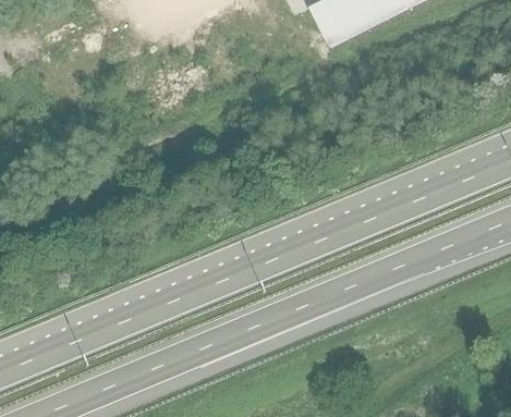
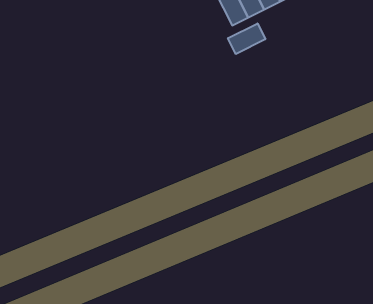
building: none -> [228,23,265,54]

